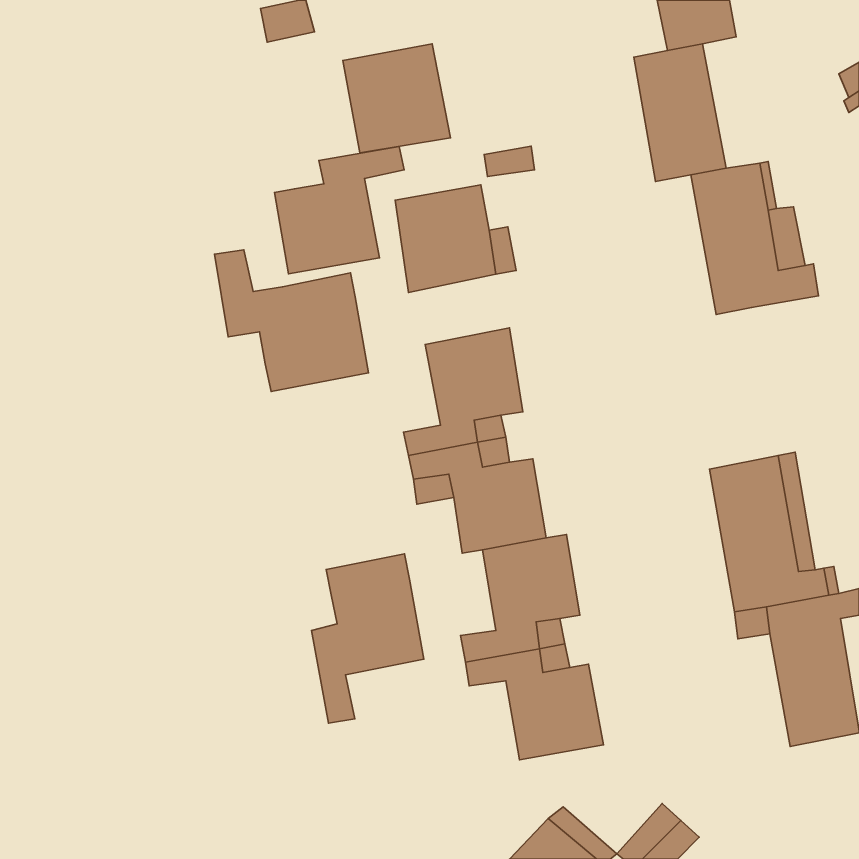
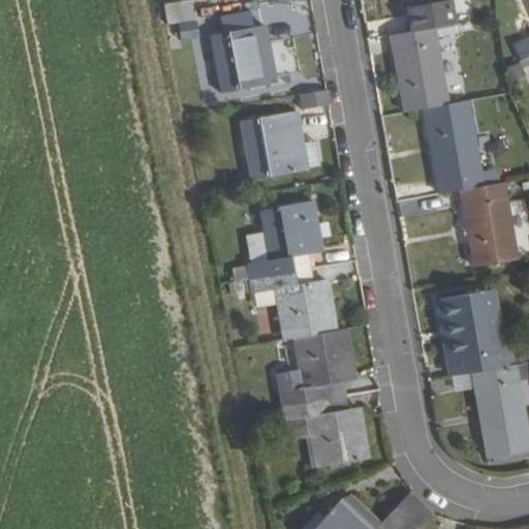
building: [275,146,404,274] -> none
building: [214,250,369,391] -> none
building: none -> [462,182,518,268]
building: [312,554,424,723] -> none

